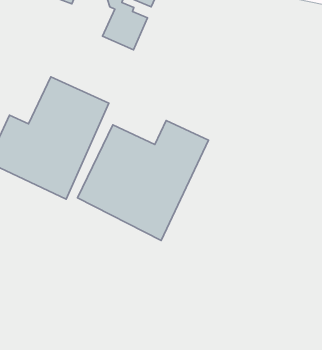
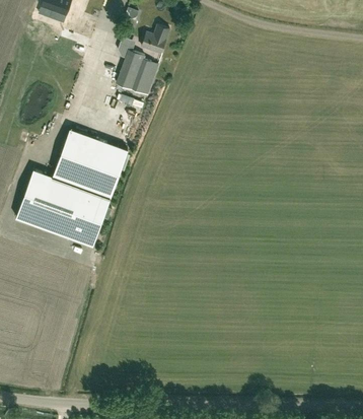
building: [78,121,208,240] -> none

